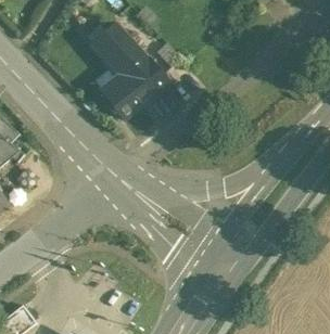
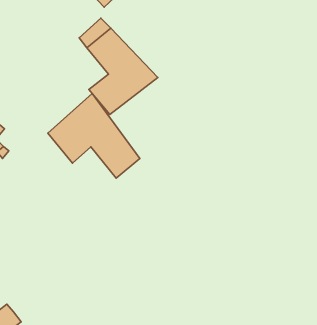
building: none -> [48,94,140,178]

